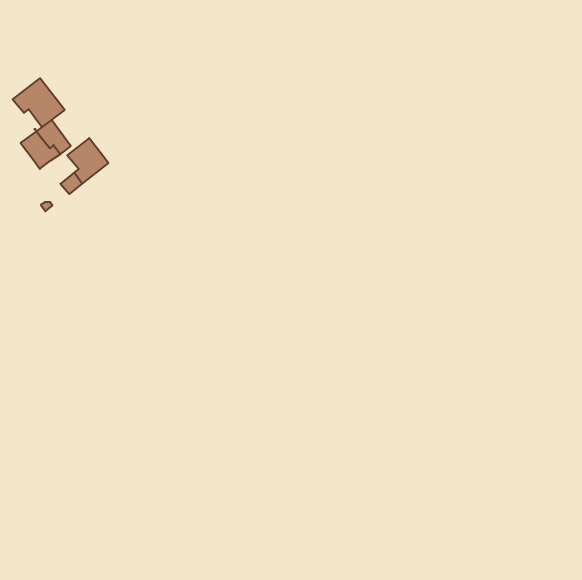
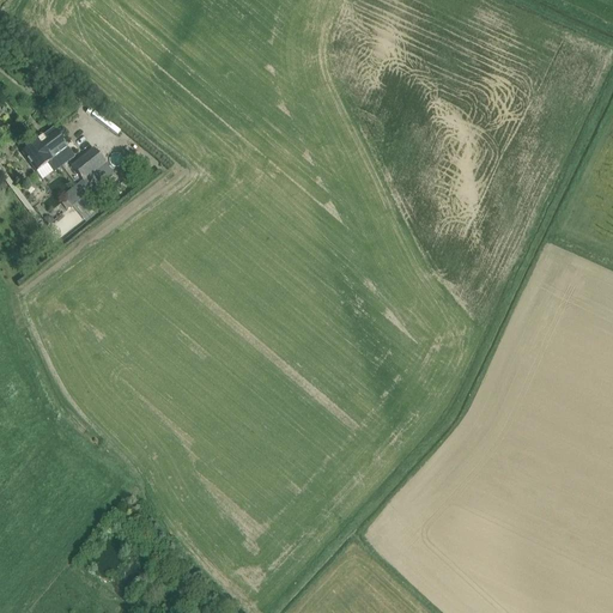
building: [13,78,65,127] -> none

